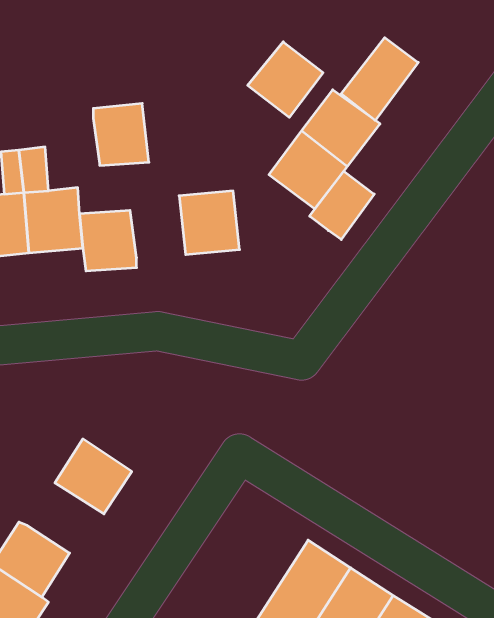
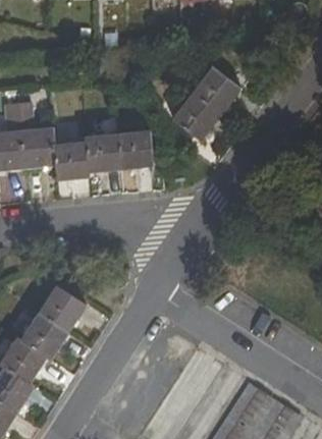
building: [341,38,418,120] -> none
building: [248,42,323,117] -> none
building: [93,103,149,165] -> [85,133,119,172]
building: [310,171,374,240] -> none
building: none -> [20,313,68,360]

